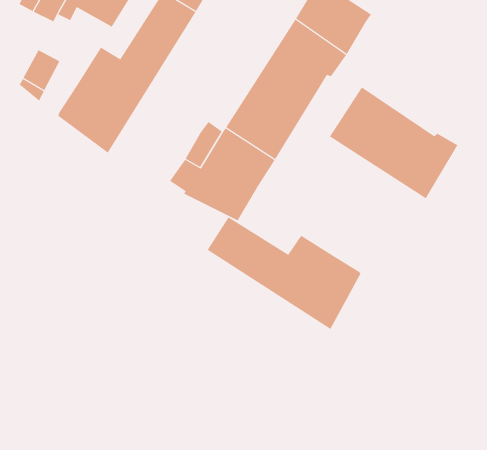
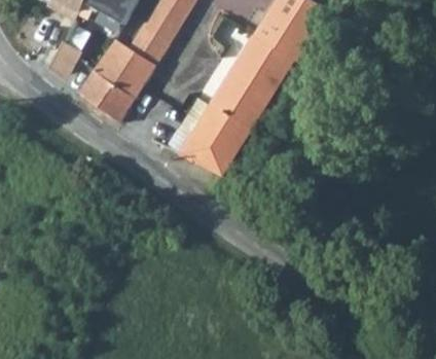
building: [329,86,458,199] -> none
building: [207,216,361,330] -> none

